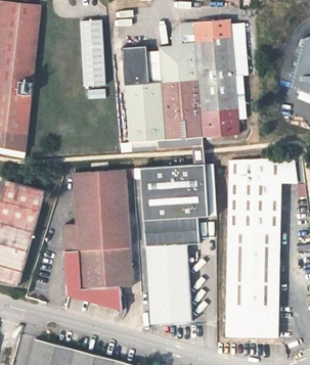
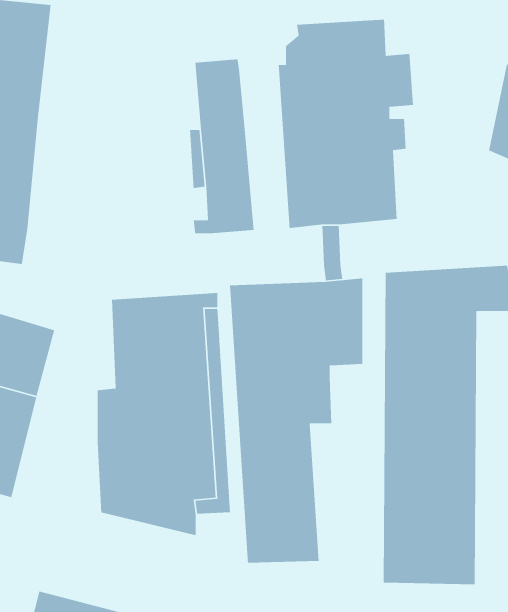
building: [79,24,103,90] -> none
building: [146,42,174,136] -> none

